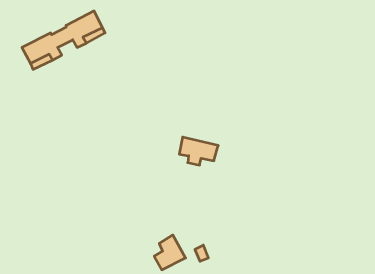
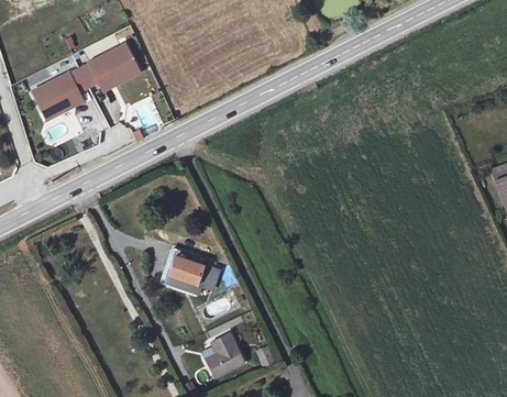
building: [179,137,218,165] -> [168,254,219,290]

